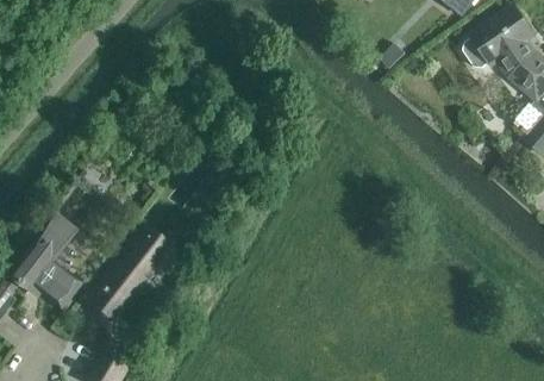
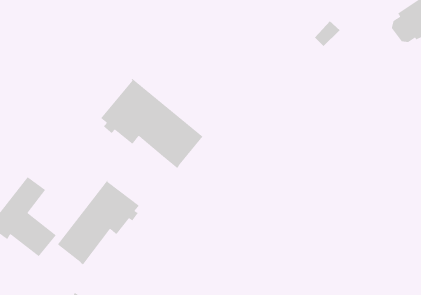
building: none -> [100,78,203,169]

